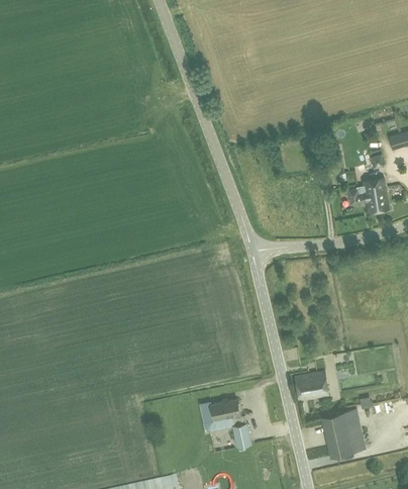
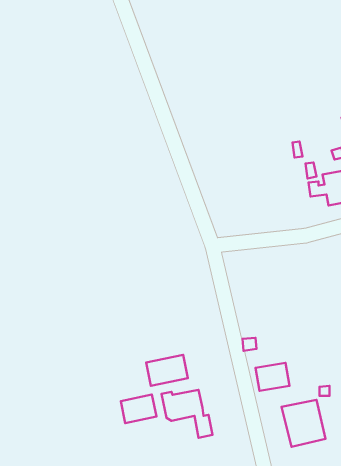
building: none -> [146,355,188,386]
building: none -> [121,395,156,423]

